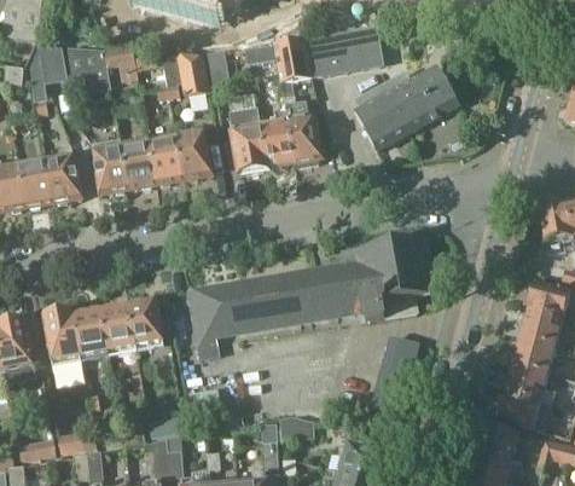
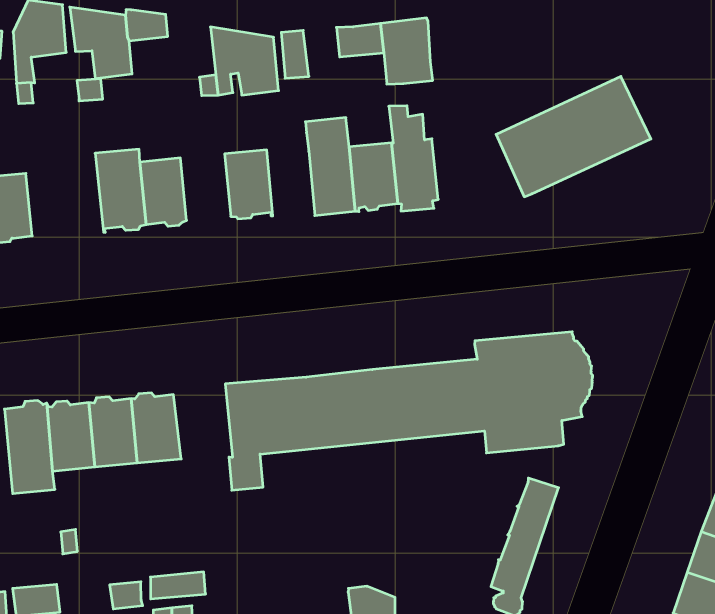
building: [304,27,382,77] -> none
building: [147,137,184,184] -> none
building: [46,155,81,202] -> none

